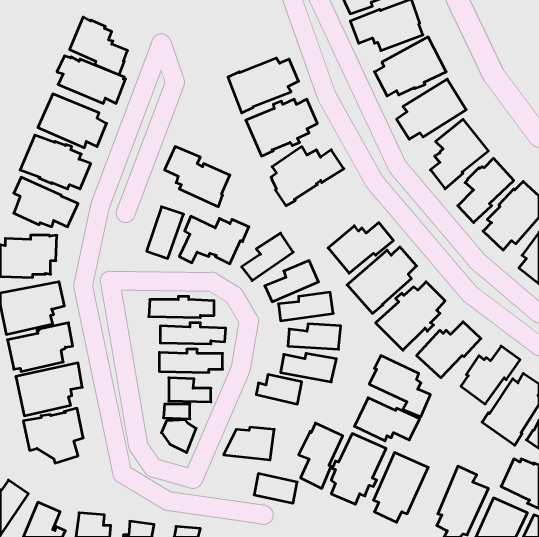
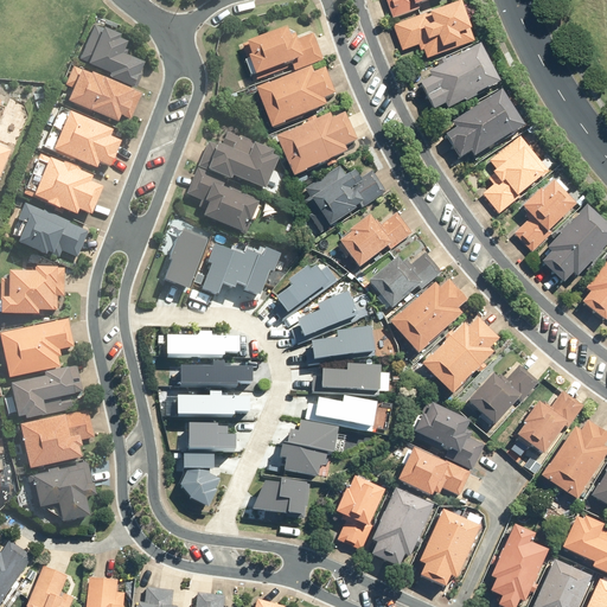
building: none -> [242,24,324,72]
building: none -> [198,129,277,186]
building: none -> [340,211,413,266]
building: [254,474,297,503] -> [277,446,326,479]

